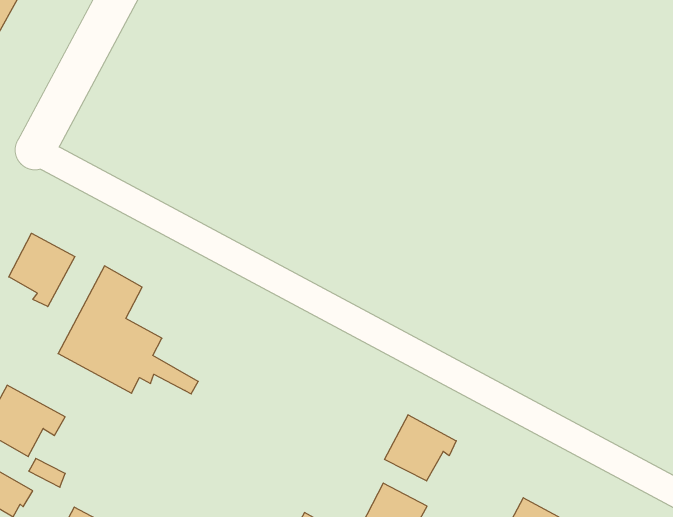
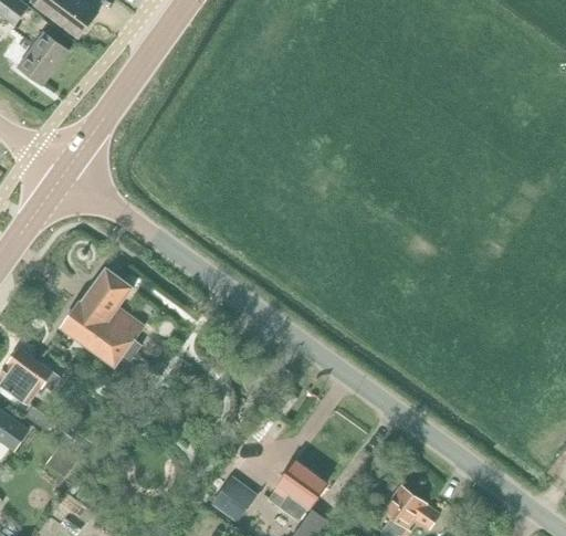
building: [9,233,75,307] -> none
building: [385,415,456,481] -> none

